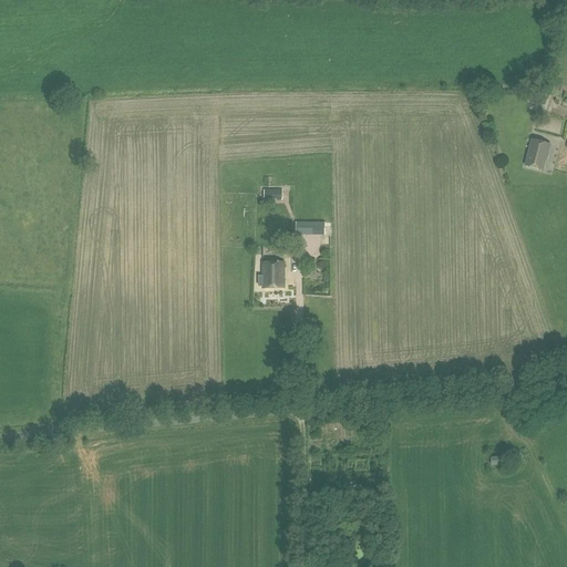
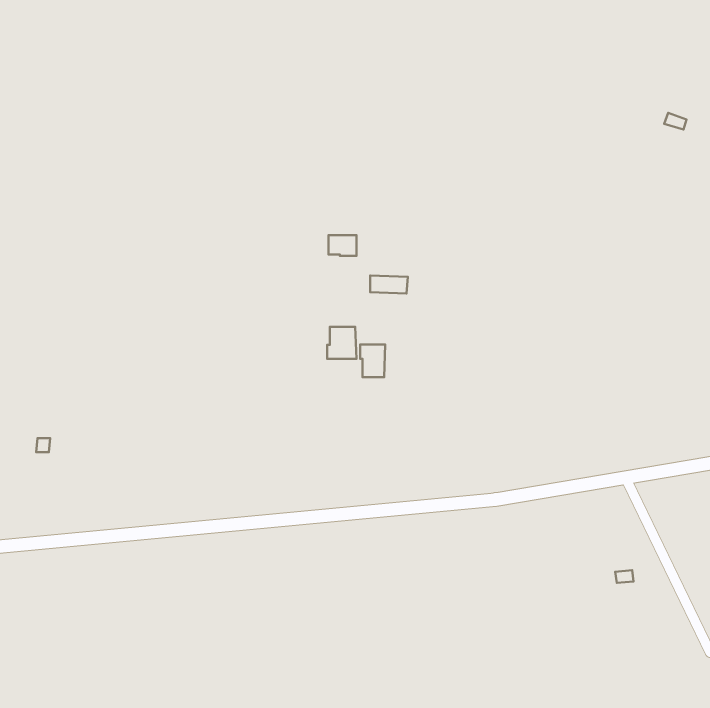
building: [525,137,550,168] -> none
building: none -> [360,345,385,377]

